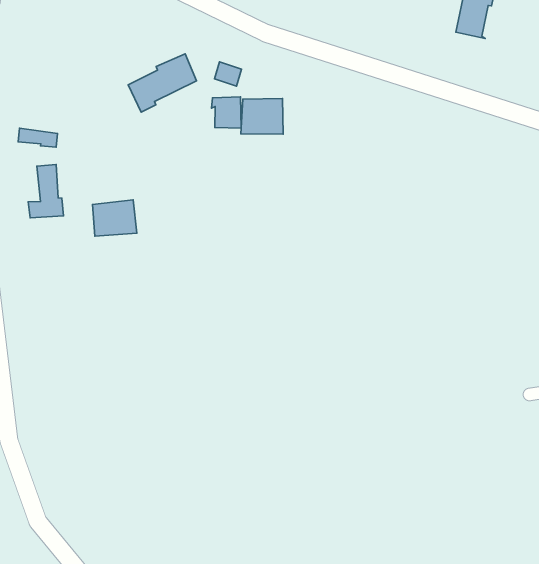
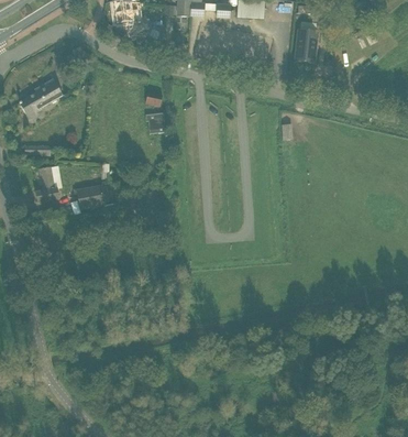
building: [128,54,197,112] -> [19,79,62,119]
building: [241,99,283,134] -> none

